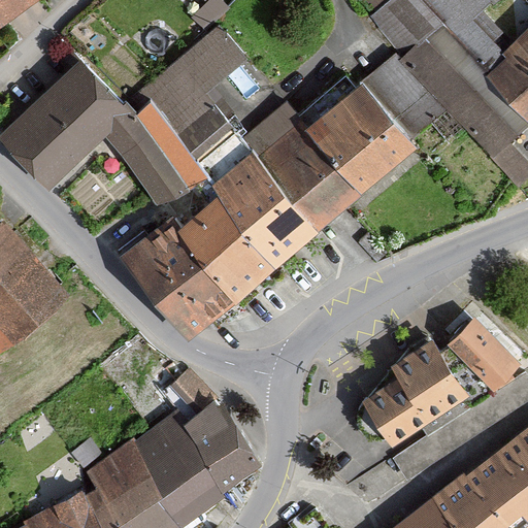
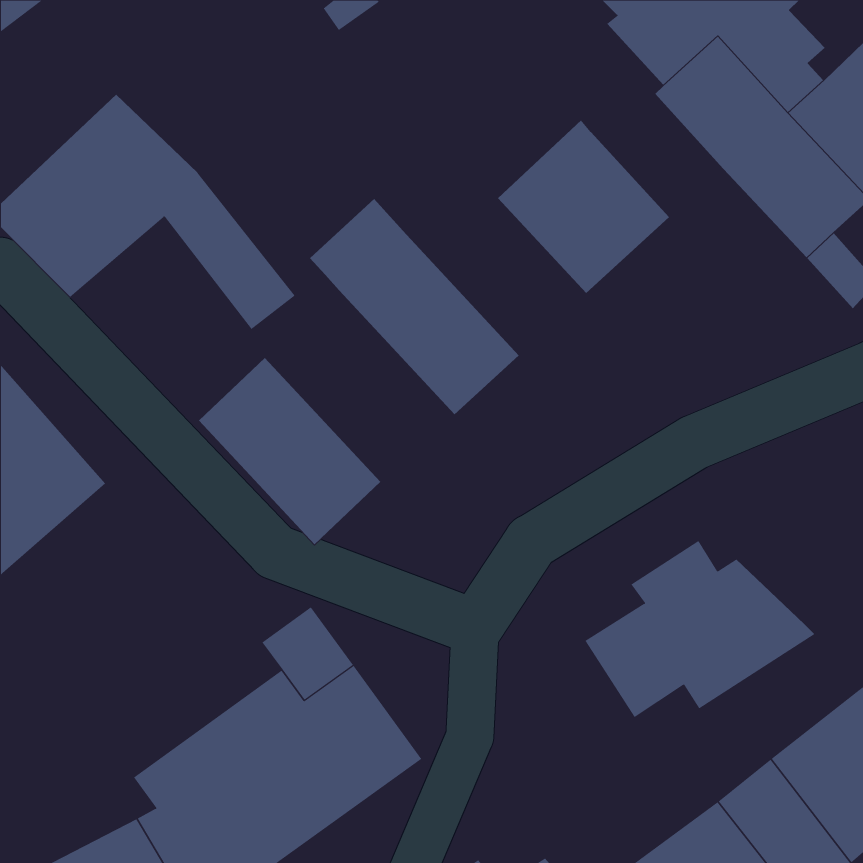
building: [126,31,246,185] -> none
building: [363,57,442,137] -> none
building: [252,110,360,221] -> none
building: [166,182,280,297] -> none
building: [446,315,516,383] -> none

